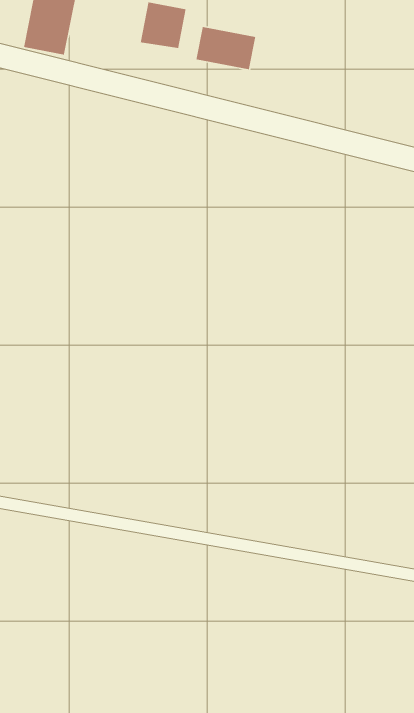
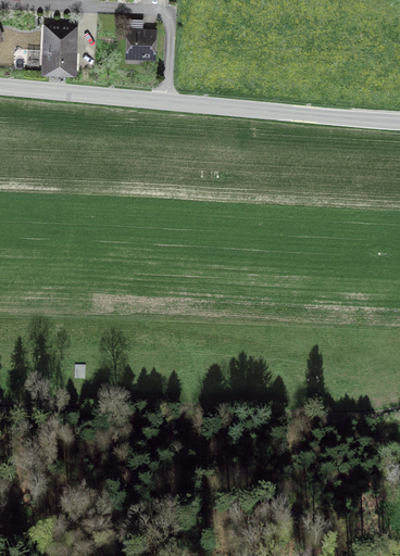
building: [195,26,256,70] -> none

